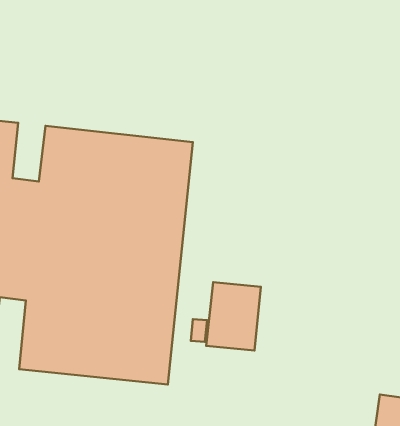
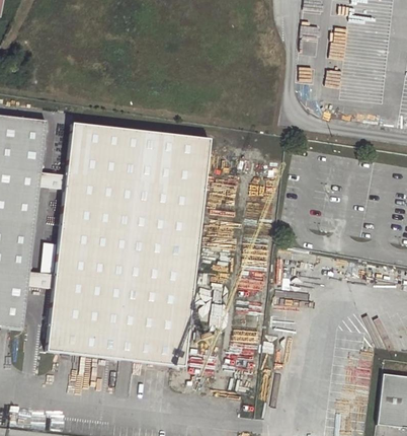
building: [206,282,261,351] -> none

